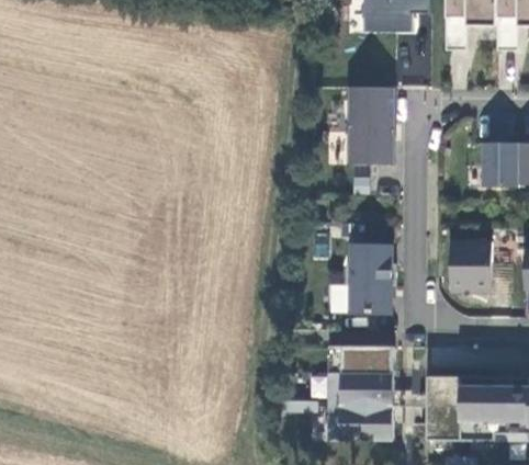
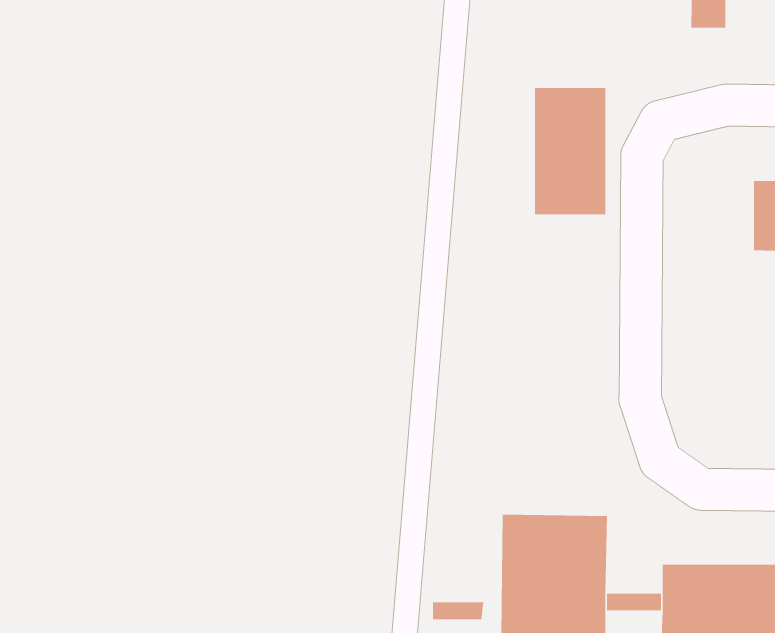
building: [451,239,492,291] -> none
building: [346,243,395,315] -> none

